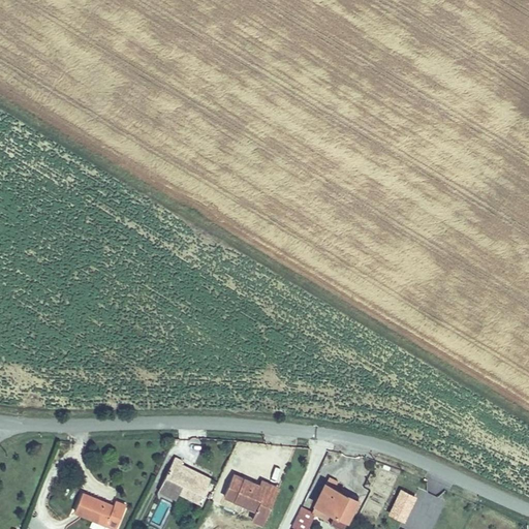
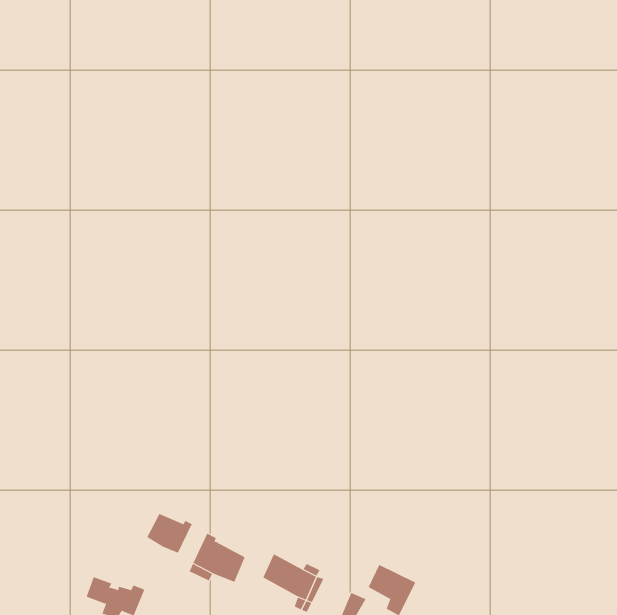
building: none -> [147,513,193,554]
building: [387,488,418,523] -> none

